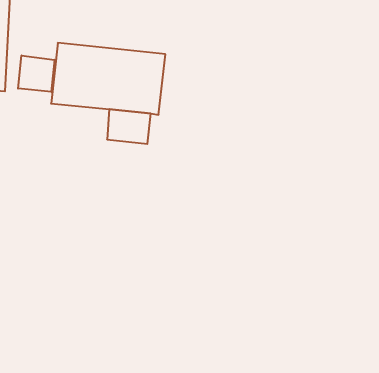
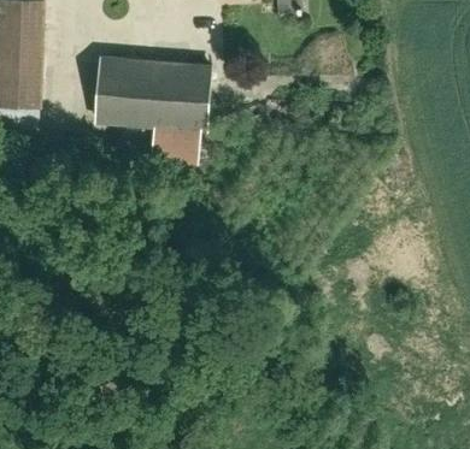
building: [18,55,55,92] -> none

